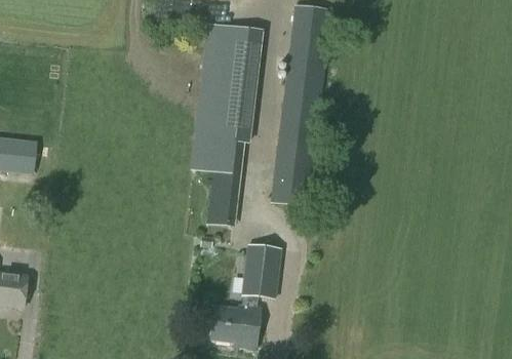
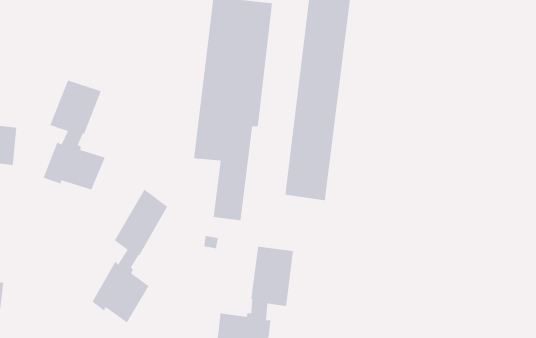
building: none -> [43,80,106,191]
building: none -> [91,189,168,323]

